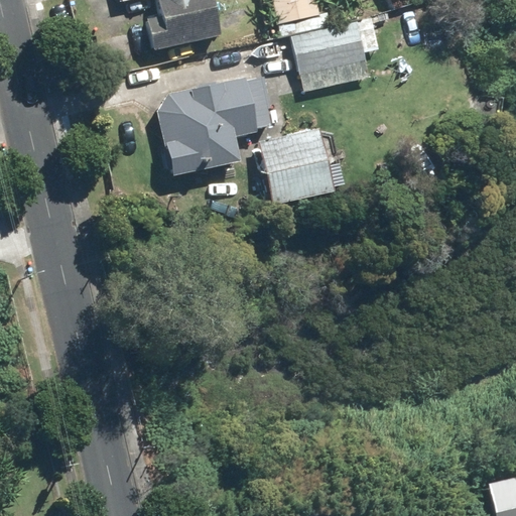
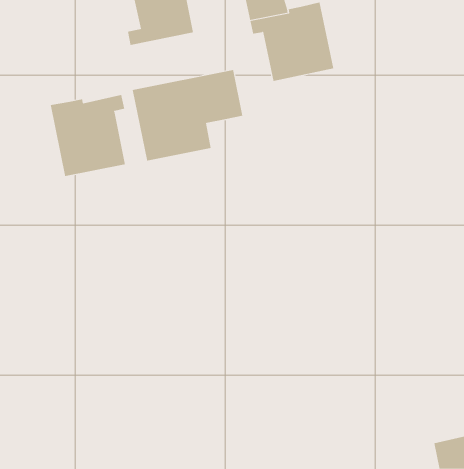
building: none -> [50,94,126,177]
building: [258,129,332,200] -> none

